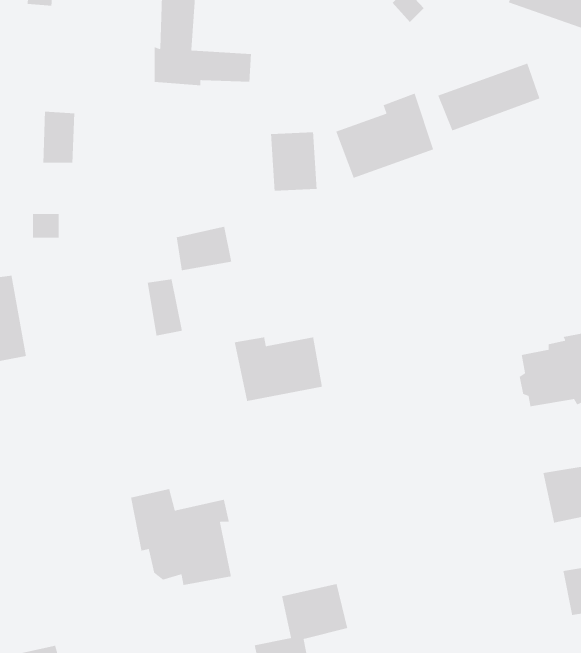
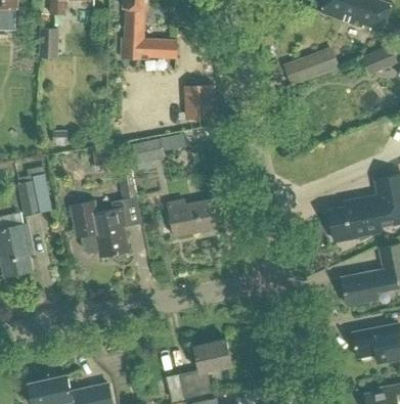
building: [335,93,434,179] -> none
building: [42,111,75,163] -> [40,27,58,56]
building: [130,488,232,586] -> [71,201,128,257]

